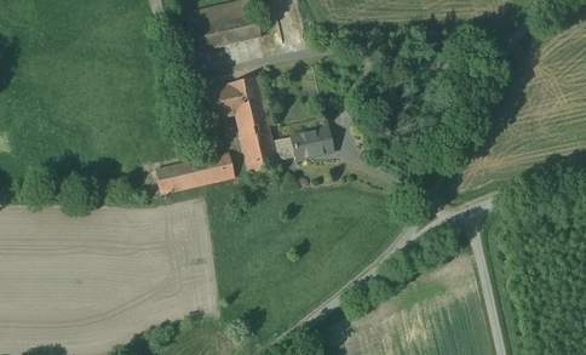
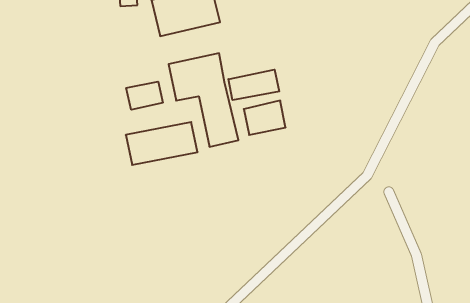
building: none -> [228,70,279,100]
building: none -> [126,82,163,110]

